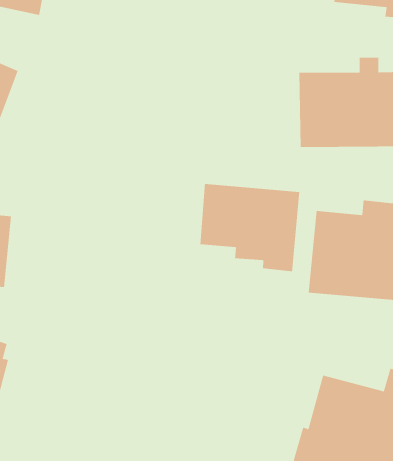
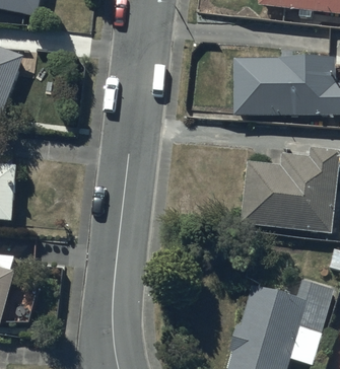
building: [200,183,300,272] -> none

